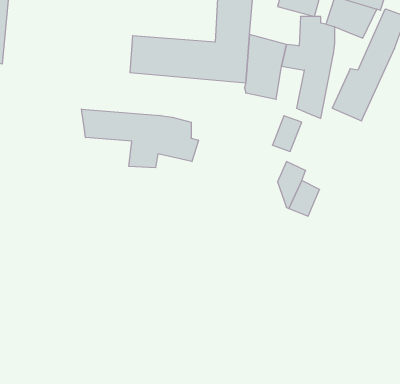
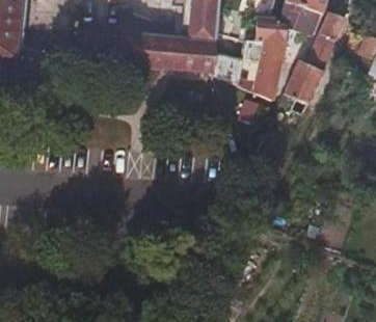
building: [82,109,198,168] -> none

